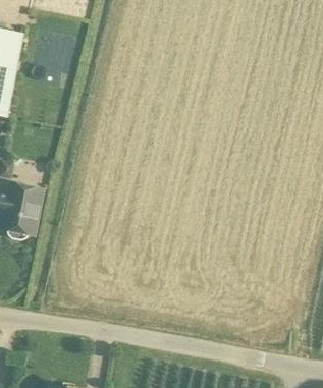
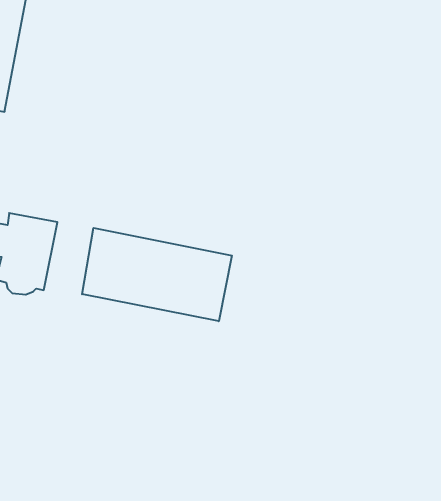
building: none -> [82,228,232,321]

